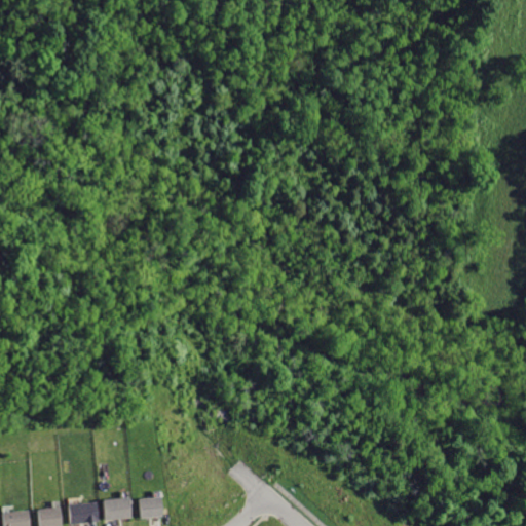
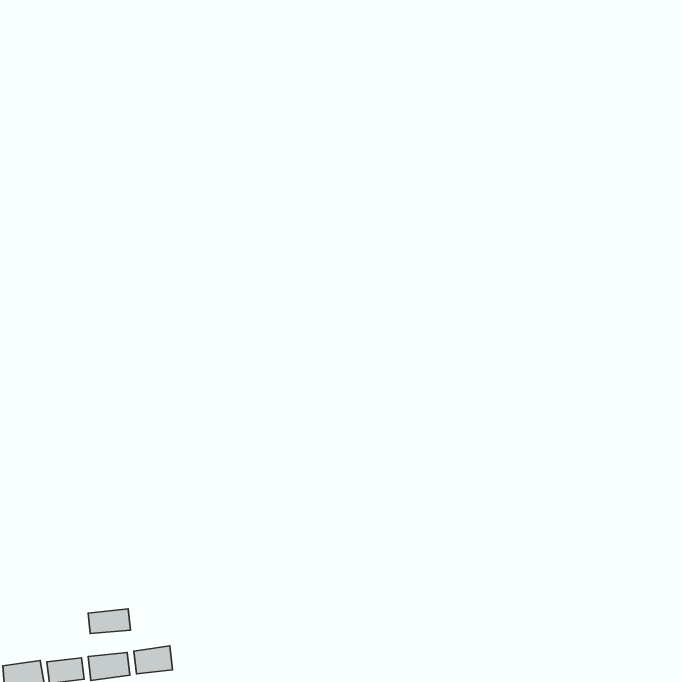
building: none -> [88,609,130,633]
building: [138,495,165,518] -> none

